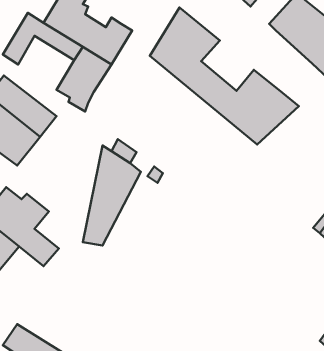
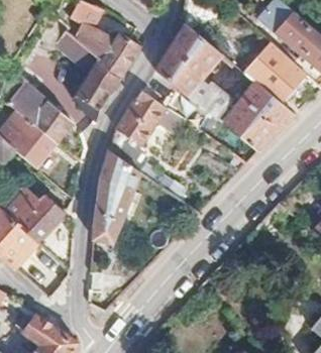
building: none -> [239,44,306,102]
building: none -> [119,90,176,150]

